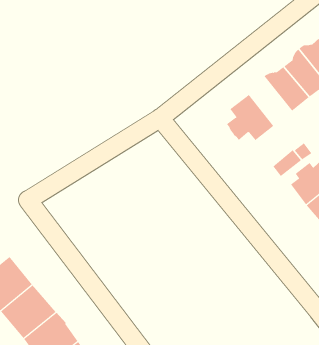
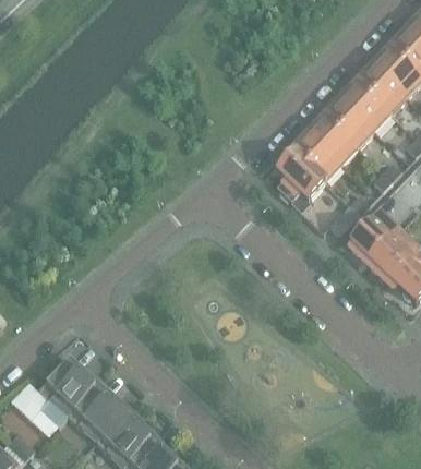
building: none -> [296,130,342,180]

